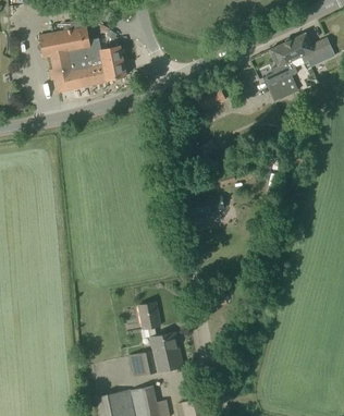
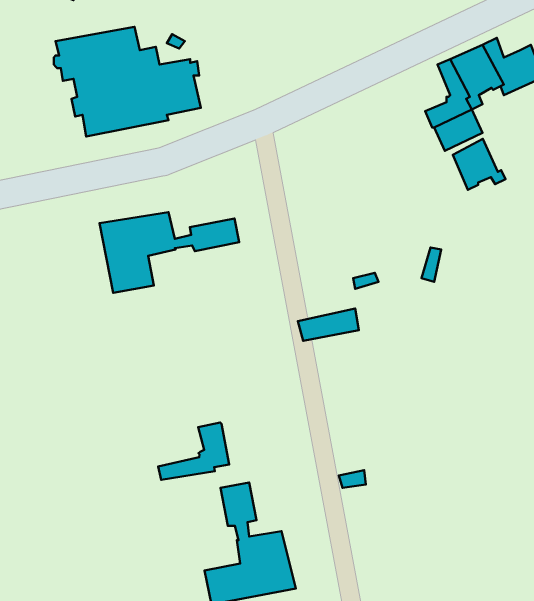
building: none -> [453,139,506,190]
building: none -> [99,212,239,293]
building: none -> [158,423,229,480]

